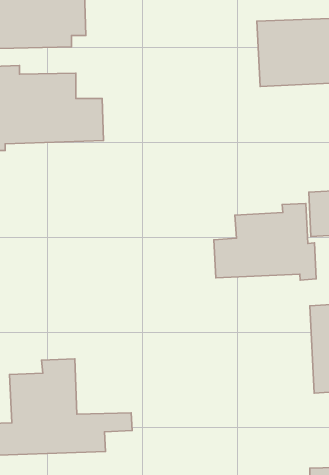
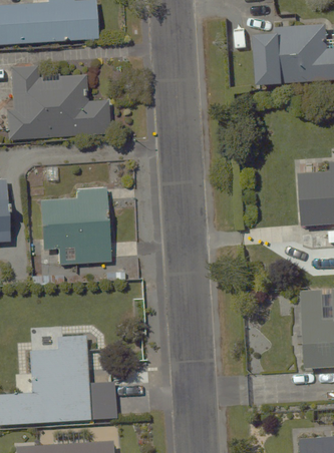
building: none -> [35,181,113,269]
building: [214,204,316,280] -> none

